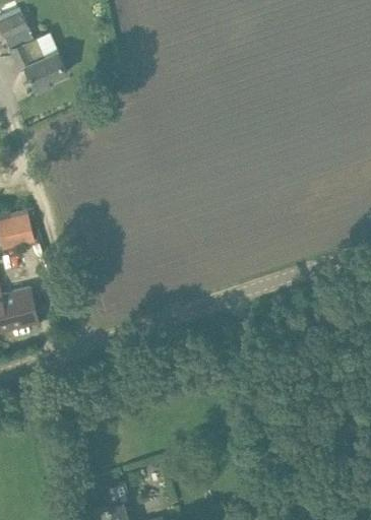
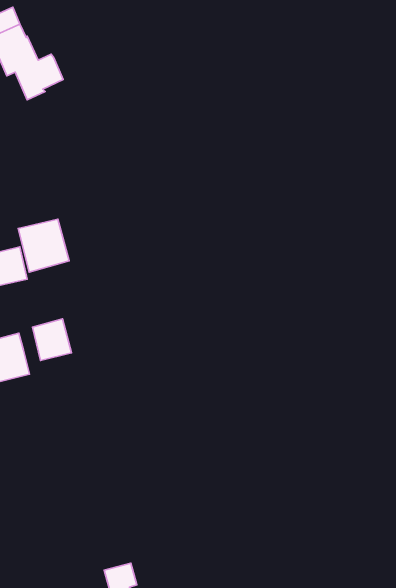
building: none -> [18,219,69,272]
building: none -> [33,319,71,361]

